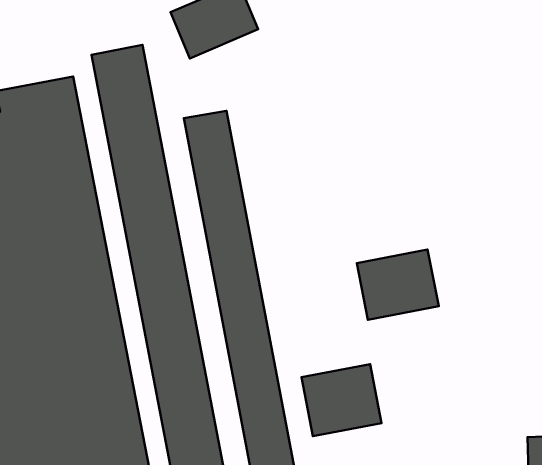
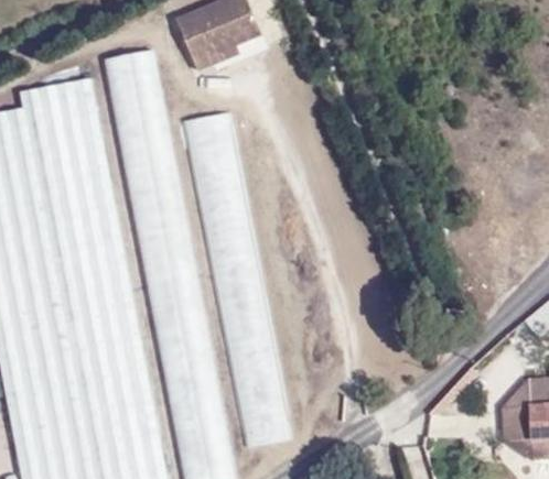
building: [357,250,439,320] -> none
building: [301,364,382,436] -> none

